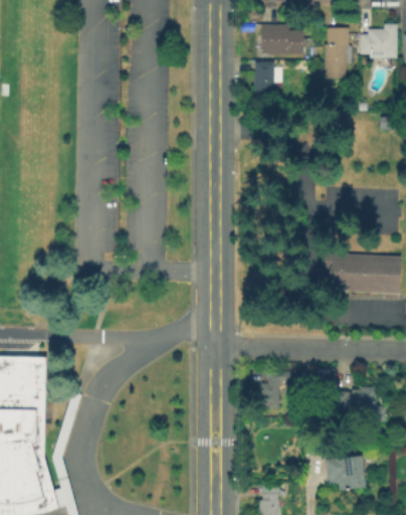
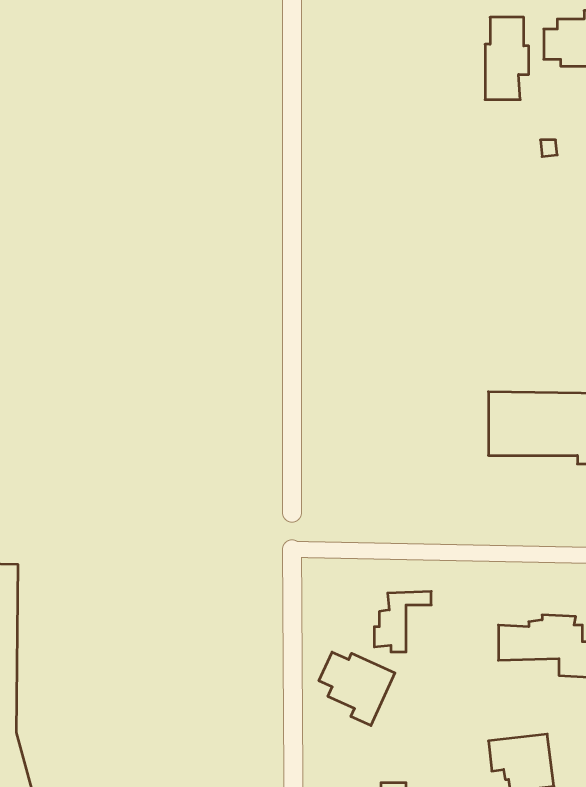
building: [261,25,302,53] -> none
building: [256,62,281,95] -> none
building: none -> [319,652,395,726]

